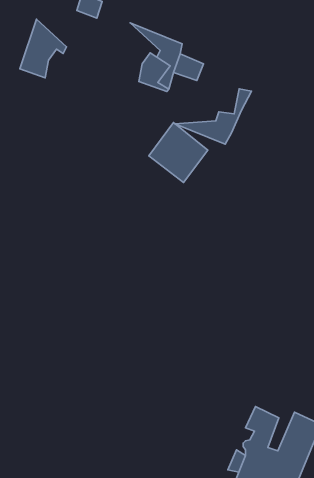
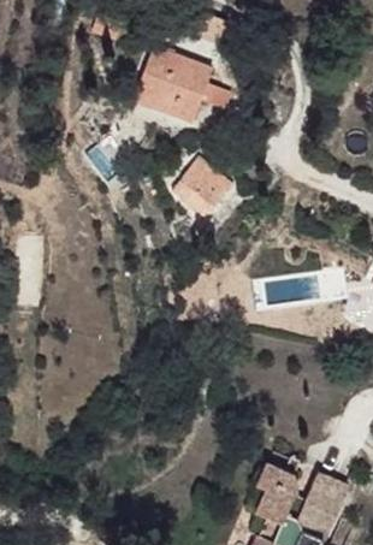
building: [20,19,66,78] -> [131,45,182,108]
building: [175,89,252,144] -> none

